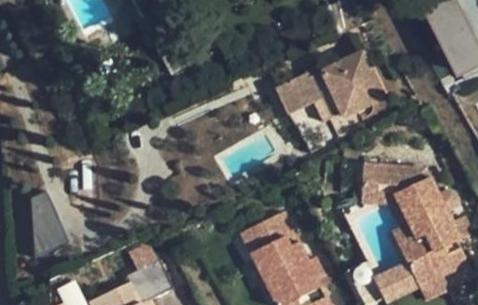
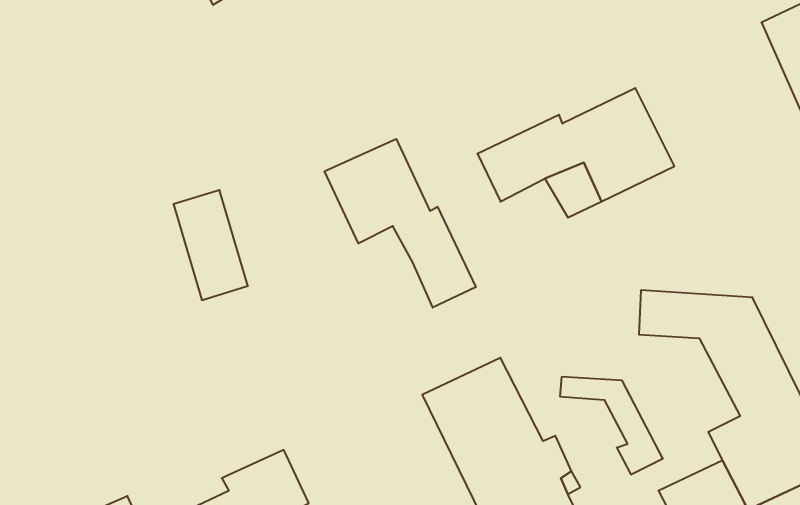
building: none -> [325,139,476,308]
building: [361,191,419,246] -> [560,377,663,474]
building: [23,192,65,254] -> [173,190,248,300]

